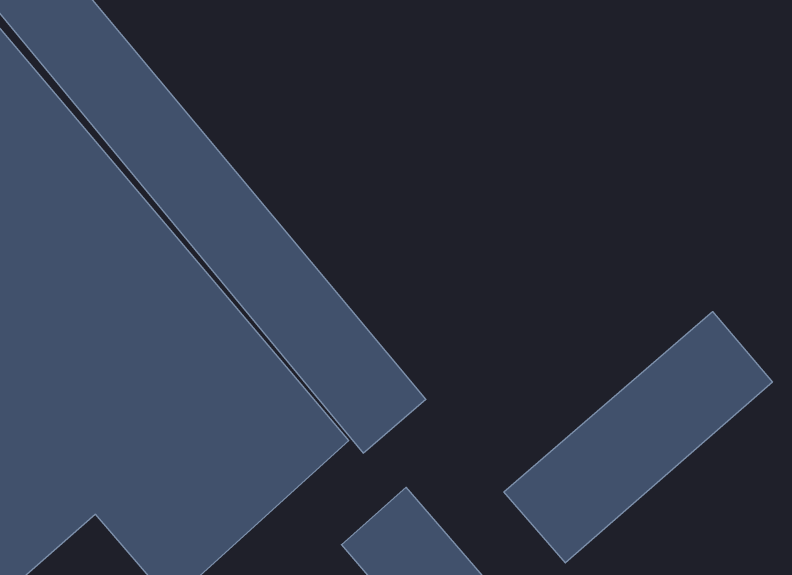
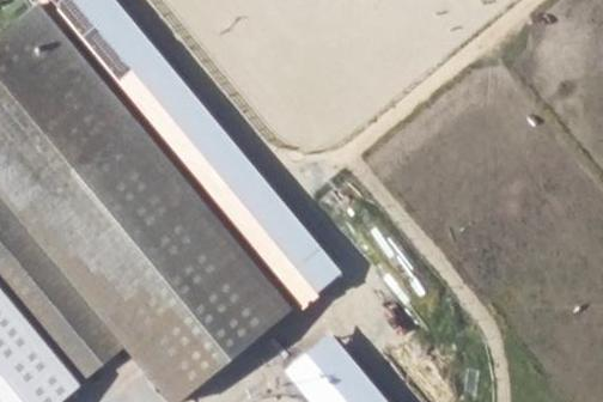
building: [504,312,772,563] -> none

